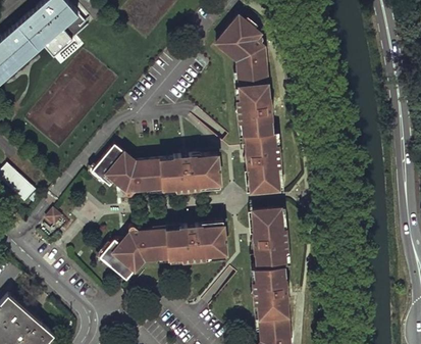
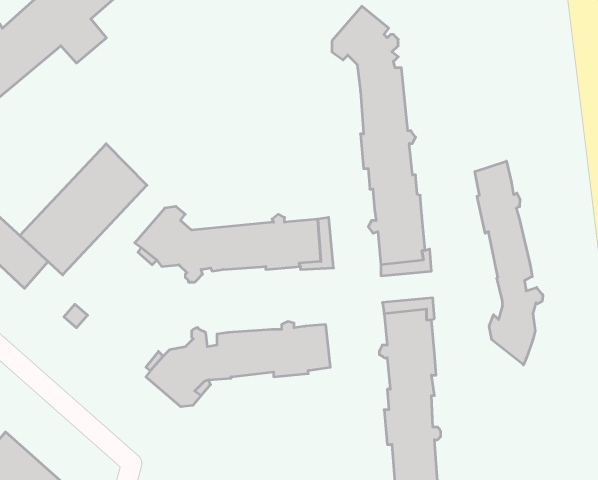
building: none -> [20,144,147,275]
building: none -> [475,161,543,365]
building: [201,220,225,259] -> none

